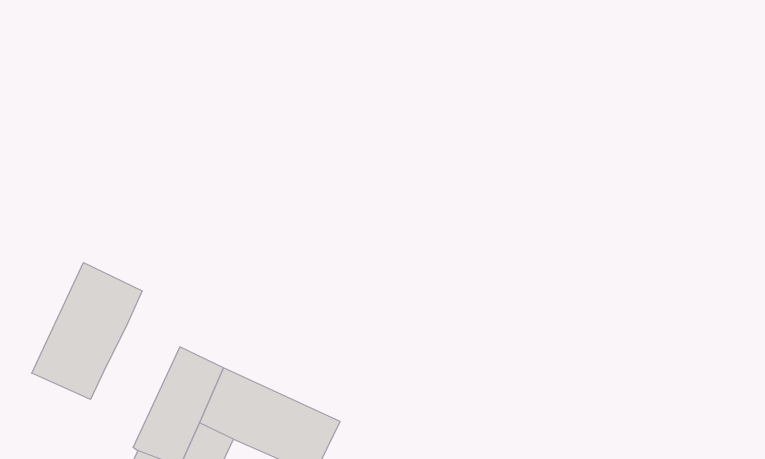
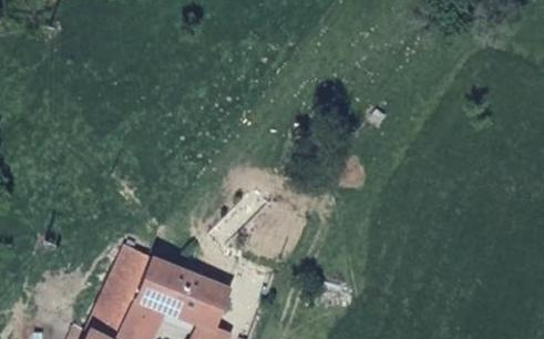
building: [32,263,142,399] -> none

